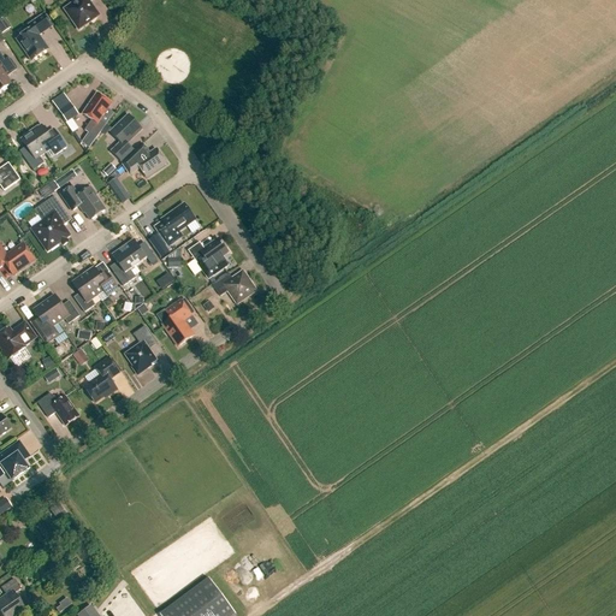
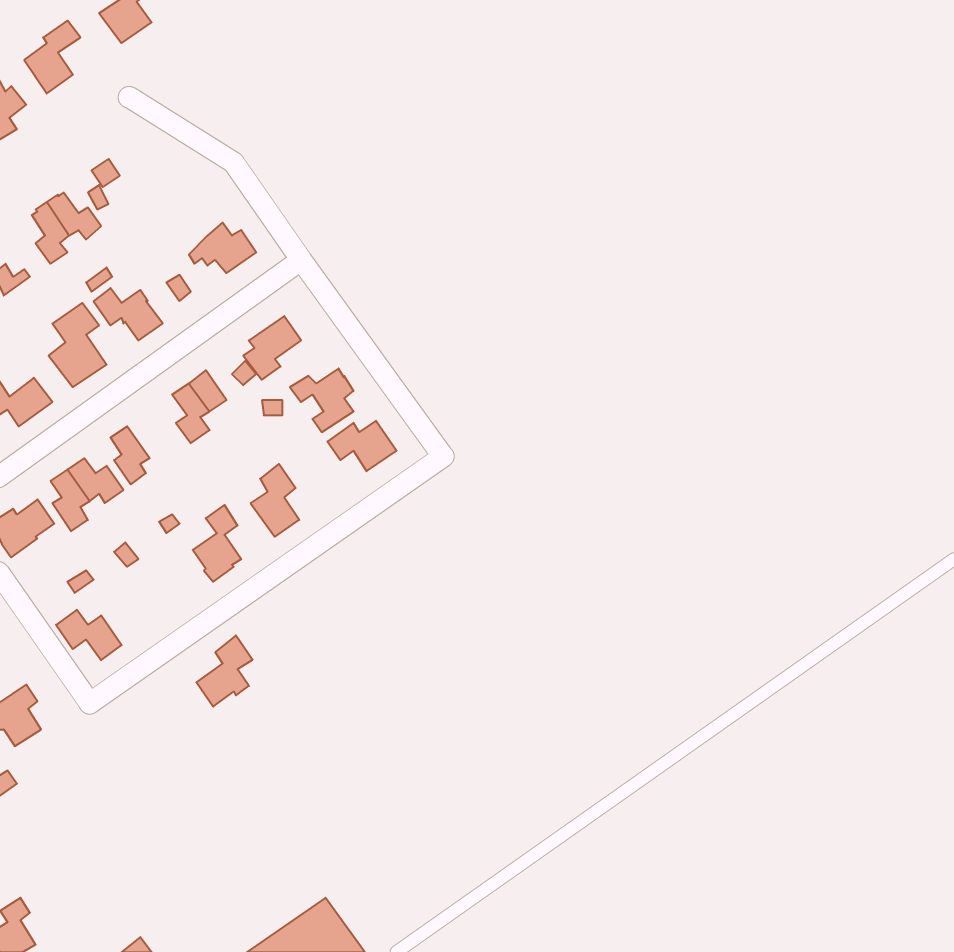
building: [82,93,111,137] -> none
building: [109,113,142,161] -> none
building: [82,267,118,295] -> none
building: [83,356,119,402] -> [196,635,253,707]

